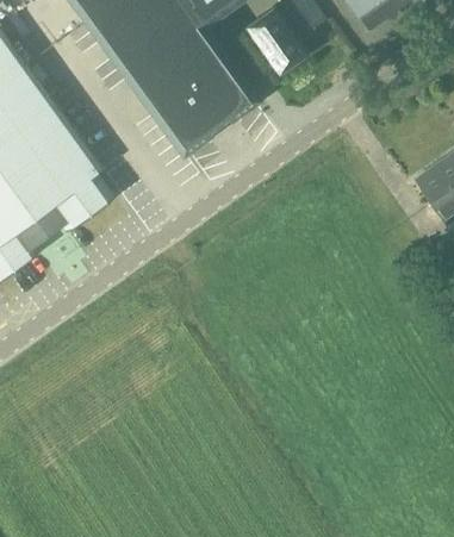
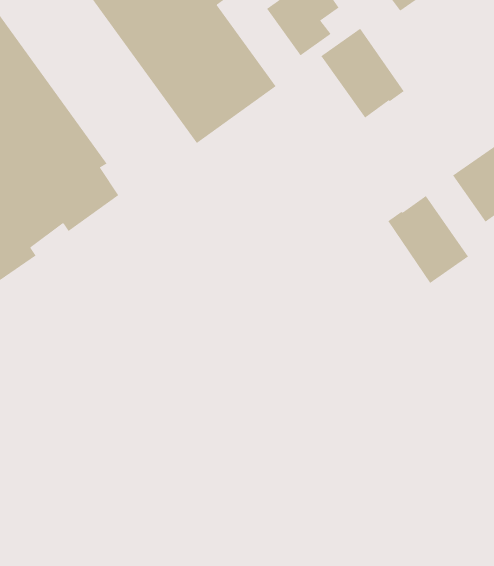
building: none -> [321,28,404,119]
building: none -> [387,195,469,284]

